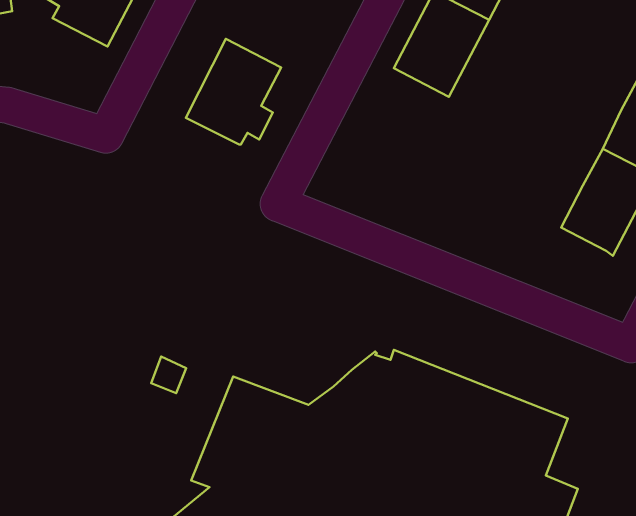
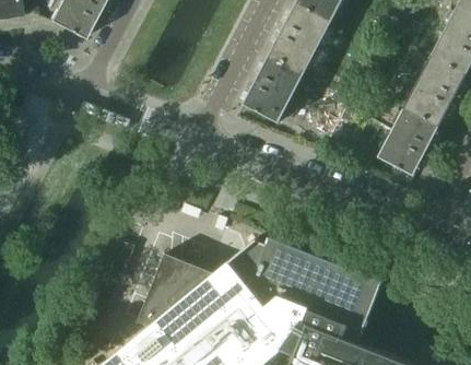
building: [186,39,281,144] -> [243,52,305,121]

